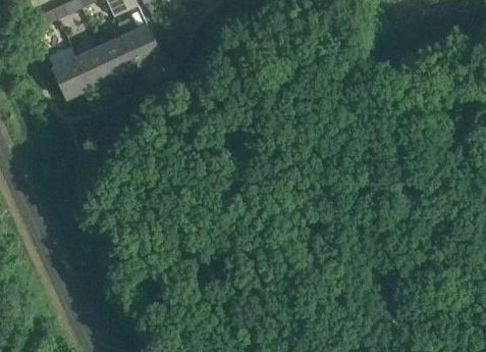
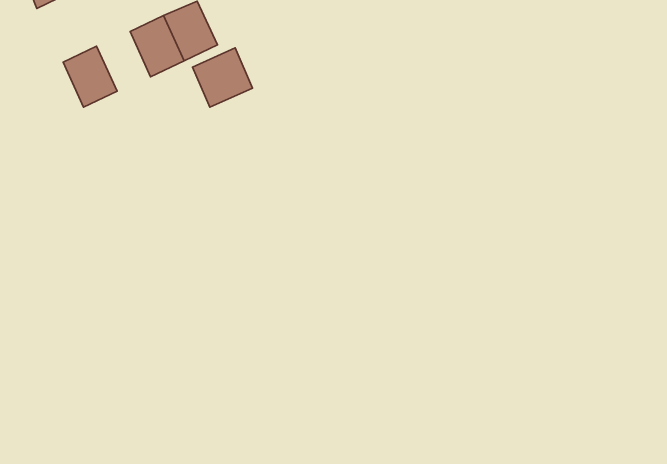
building: [76,46,114,88] -> none
building: none -> [193,48,252,107]

